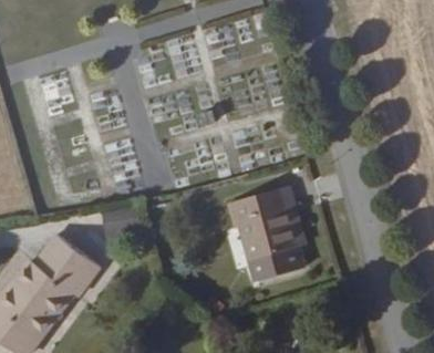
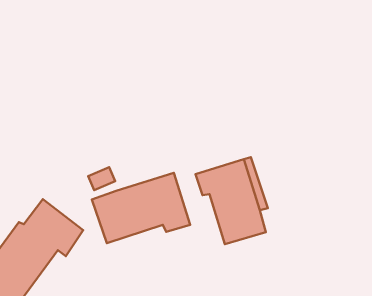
building: none -> [92,173,190,243]

